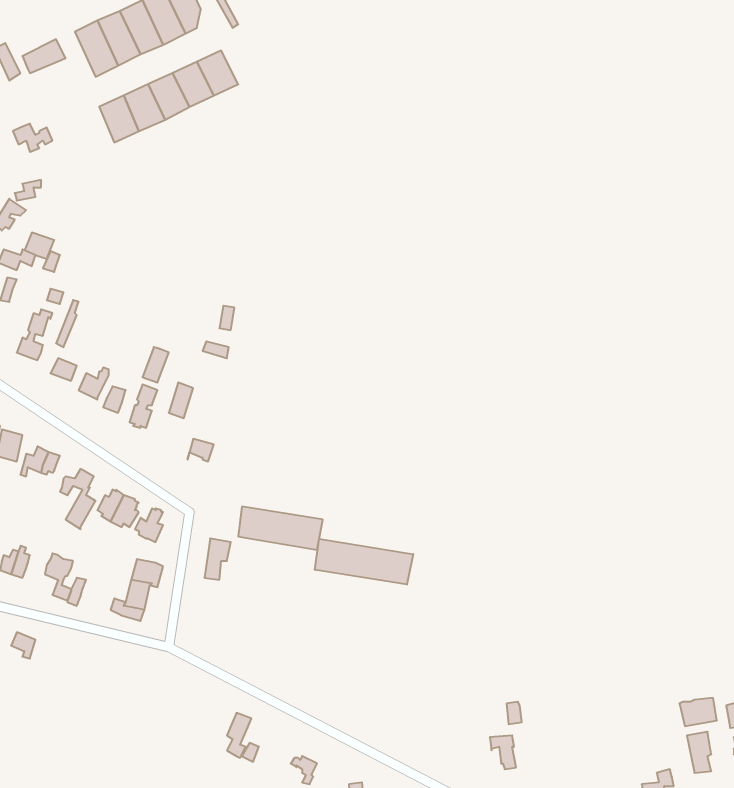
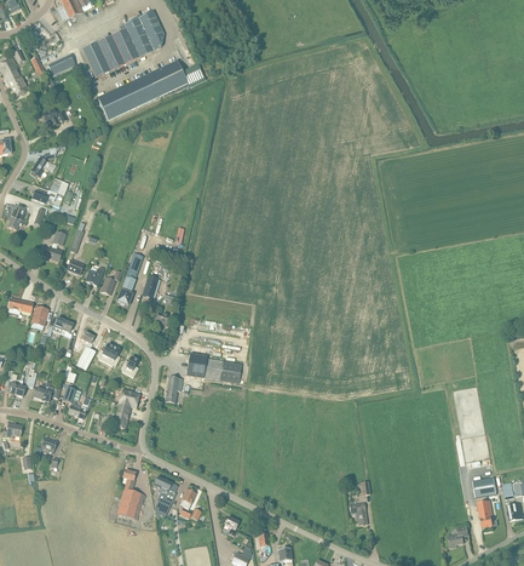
building: [315,539,413,585] -> none
building: none -> [116,469,144,519]
building: none -> [154,475,178,516]

